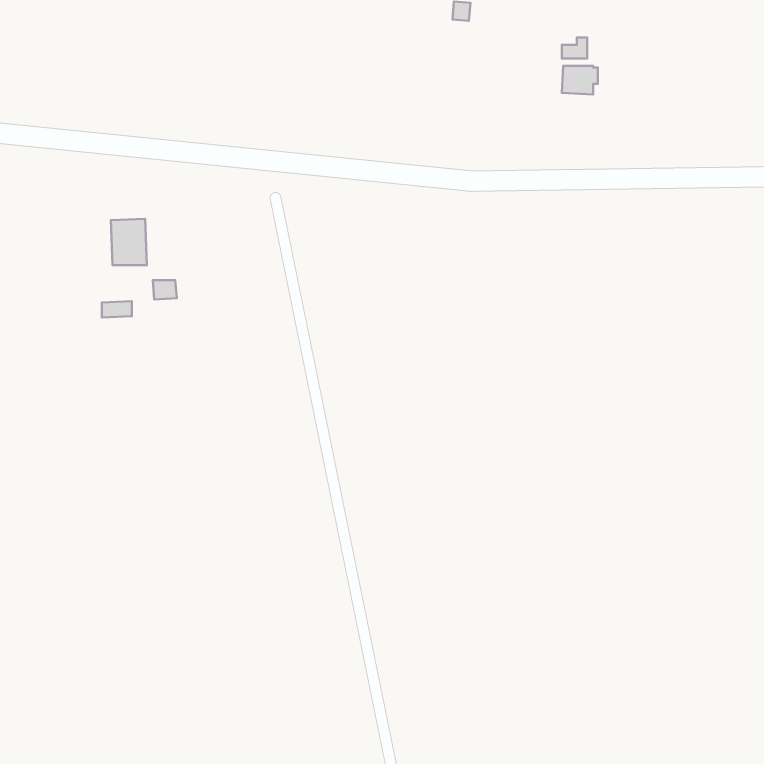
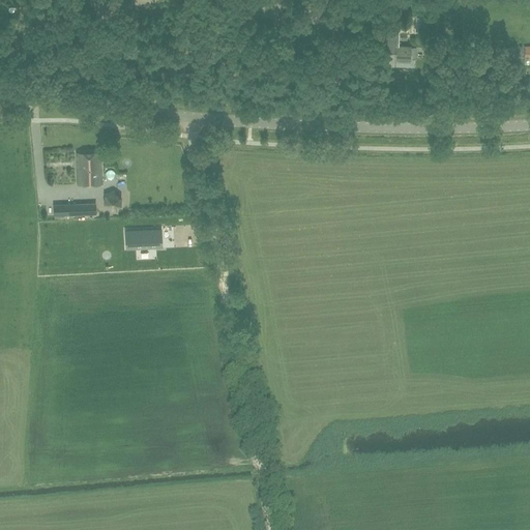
building: none -> [125,229,160,247]

